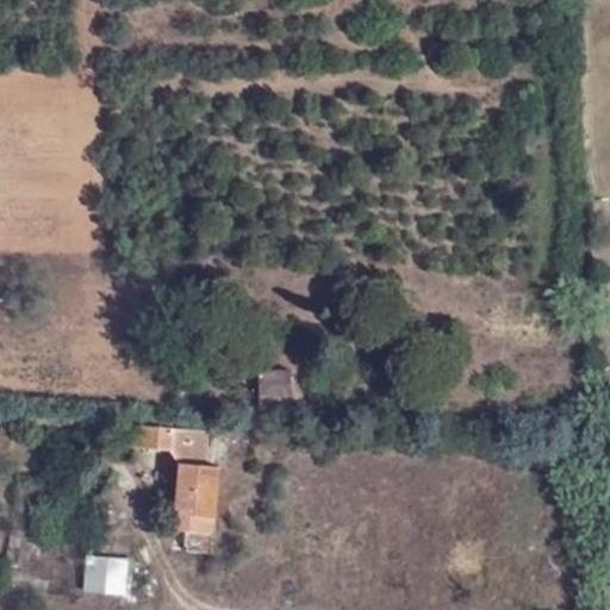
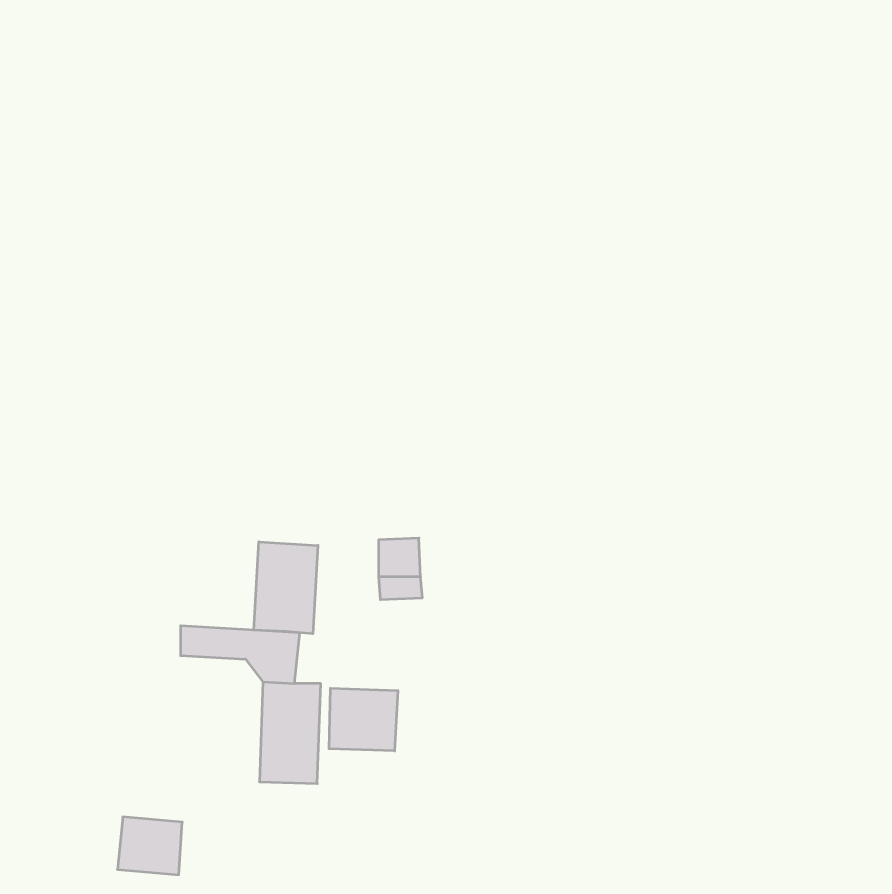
building: none -> [254,542,318,634]
building: none -> [329,688,398,751]

